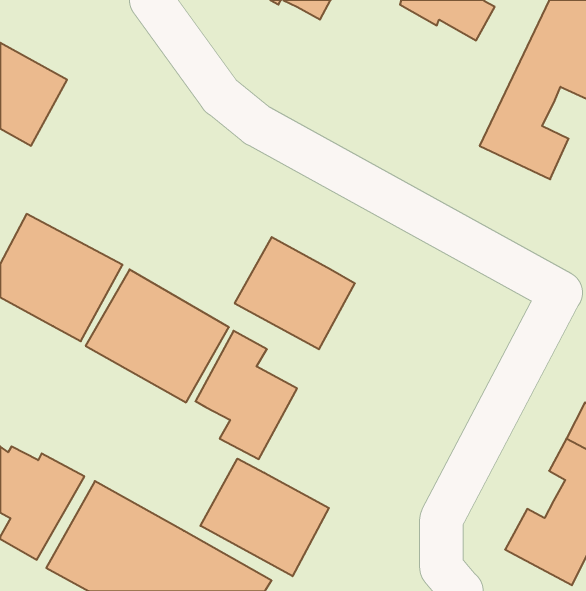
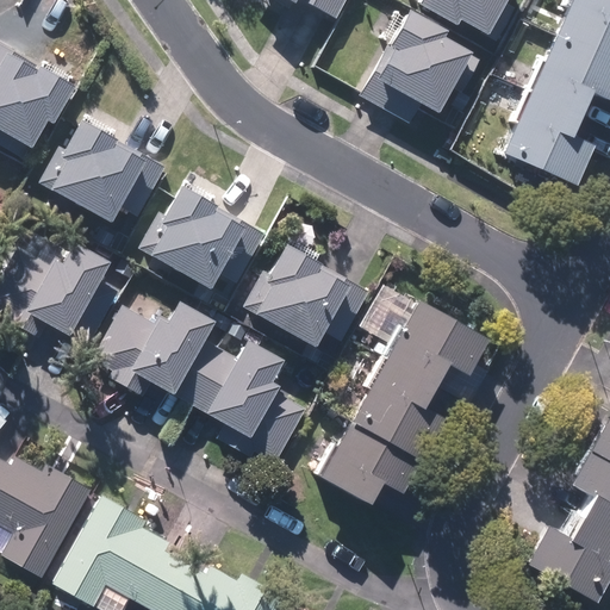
building: none -> [372,10,481,111]
building: none -> [41,120,166,234]
building: none -> [142,186,264,298]
building: none -> [317,286,485,516]
building: [200,459,329,576] -> none

